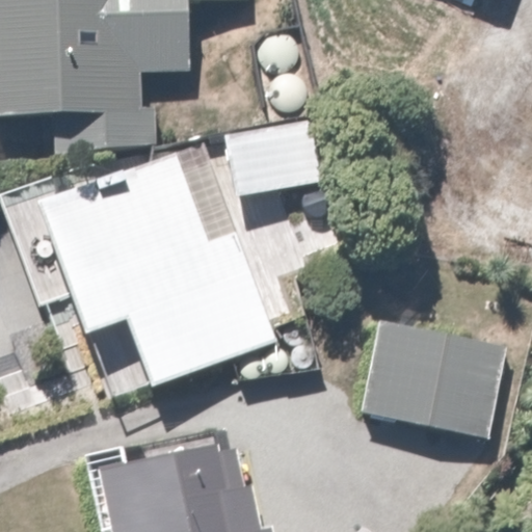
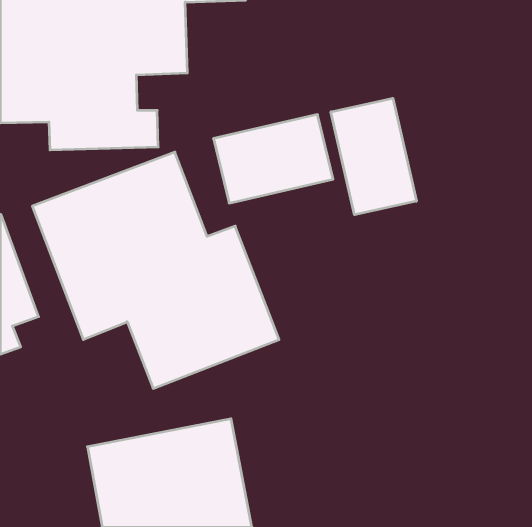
building: none -> [331,98,416,215]
building: [362,322,506,437] -> none

